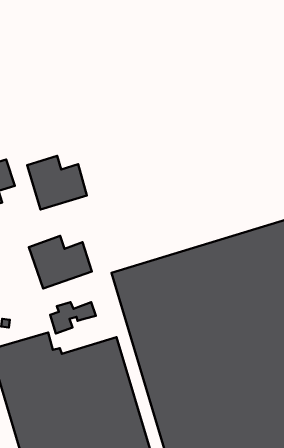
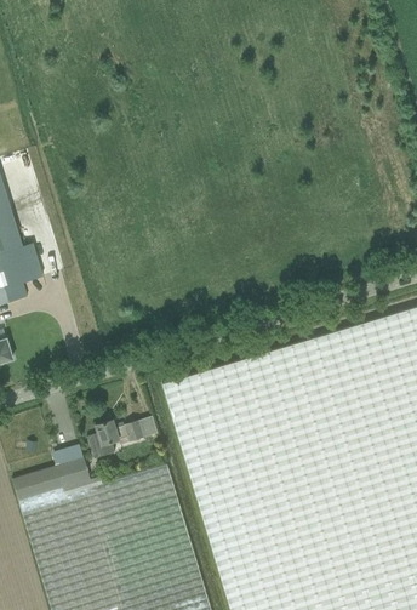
building: [27,156,87,209] -> none
building: [29,236,92,288] -> none

